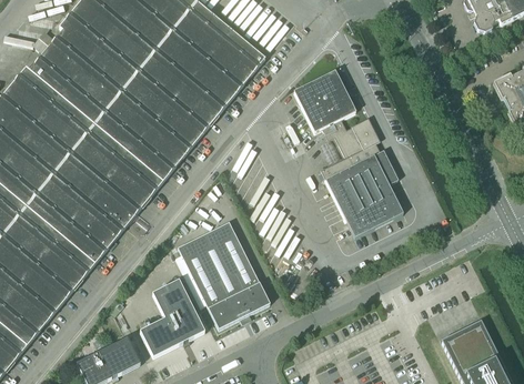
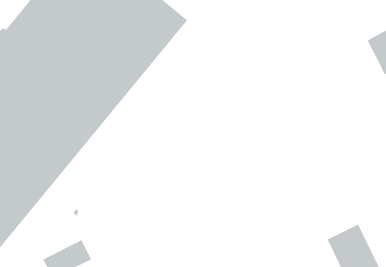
building: [293,69,403,235] -> none
building: [178,221,269,327] -> none
building: [140,281,203,356] -> none

